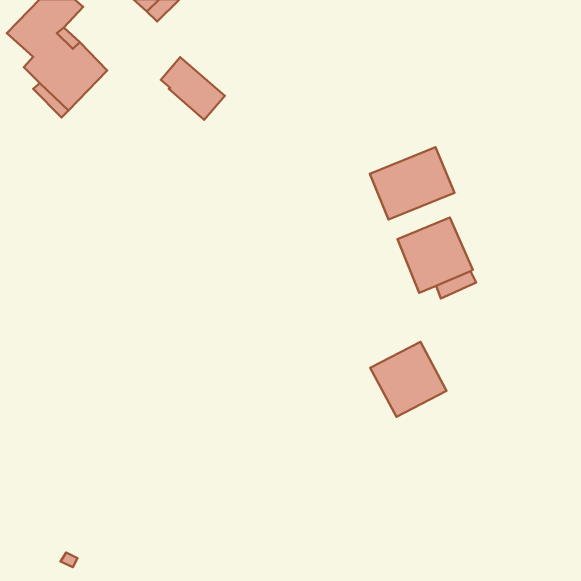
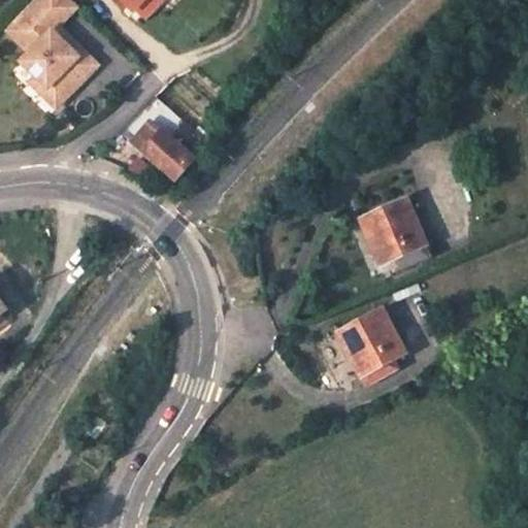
building: [161,57,225,120] -> [134,124,192,180]
building: [370,147,454,220] -> none

